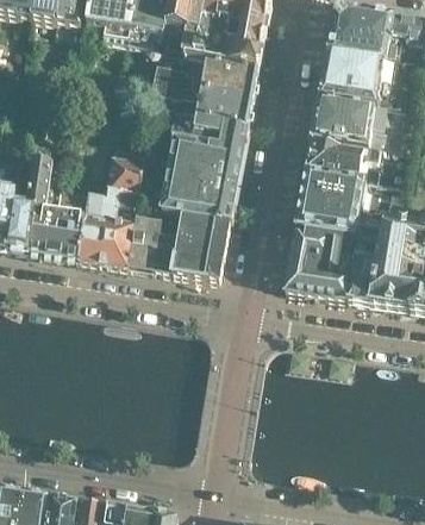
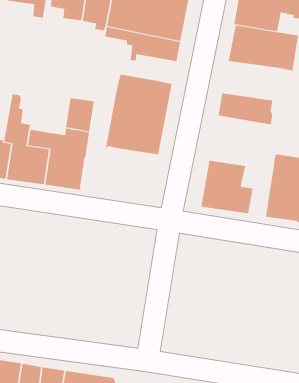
building: [148,67,254,129] -> none
building: [312,99,387,149] -> none
building: [295,170,381,242] -> none
building: [127,214,230,281] -> none
building: [348,250,375,302] -> none

